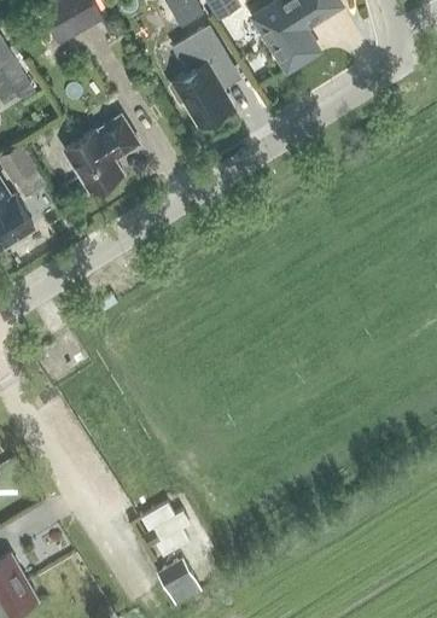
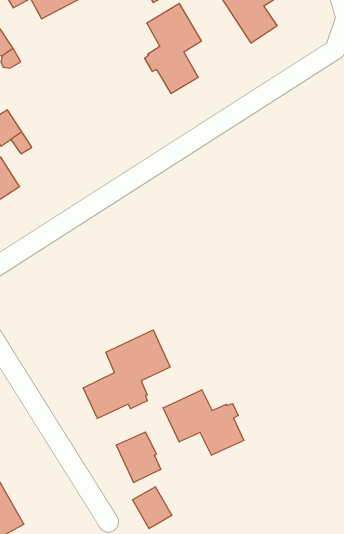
building: [64,116,139,193] -> none
building: none -> [83,330,170,419]
building: none -> [163,390,244,455]

